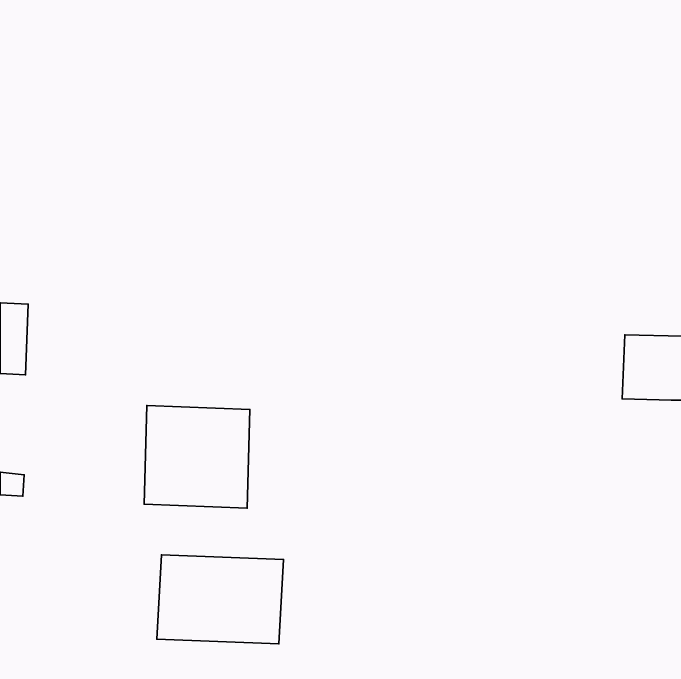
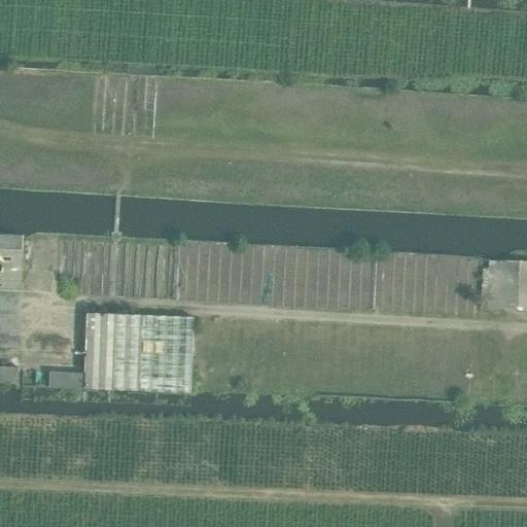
building: none -> [49,312,114,389]
building: [157,555,284,644] -> none

